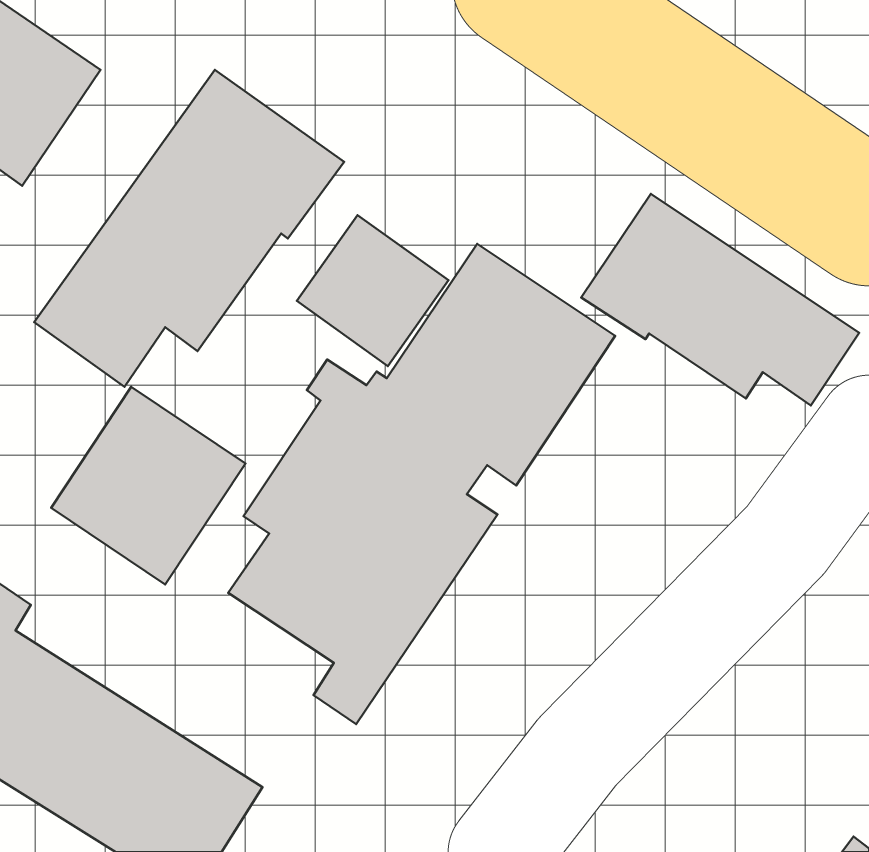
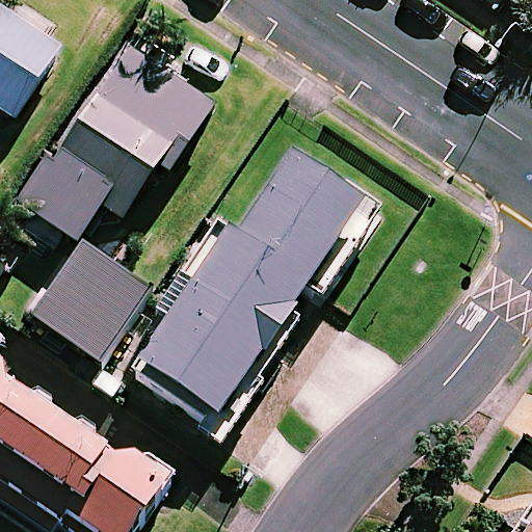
building: [581,194,859,405] -> none
building: [297,215,448,366] -> none

